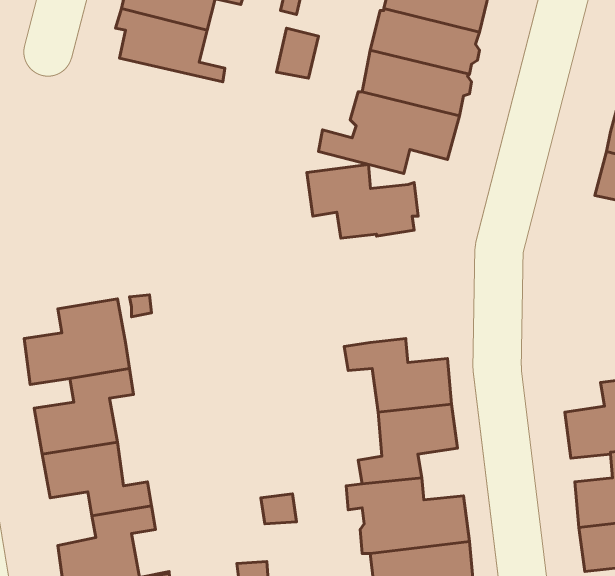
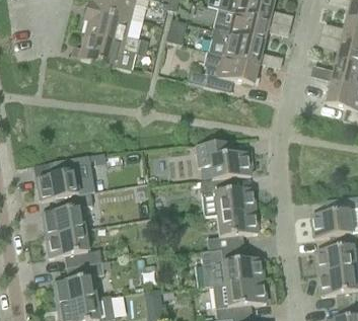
building: none -> [79,33,138,70]
building: [307,164,418,238] -> [196,141,253,178]

